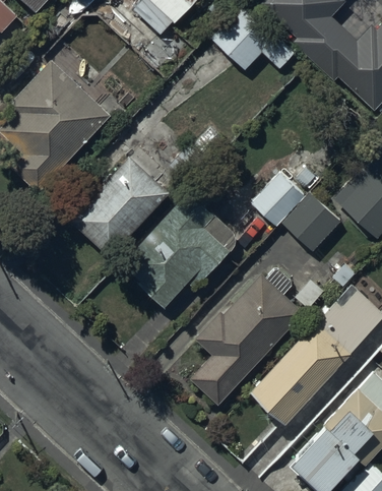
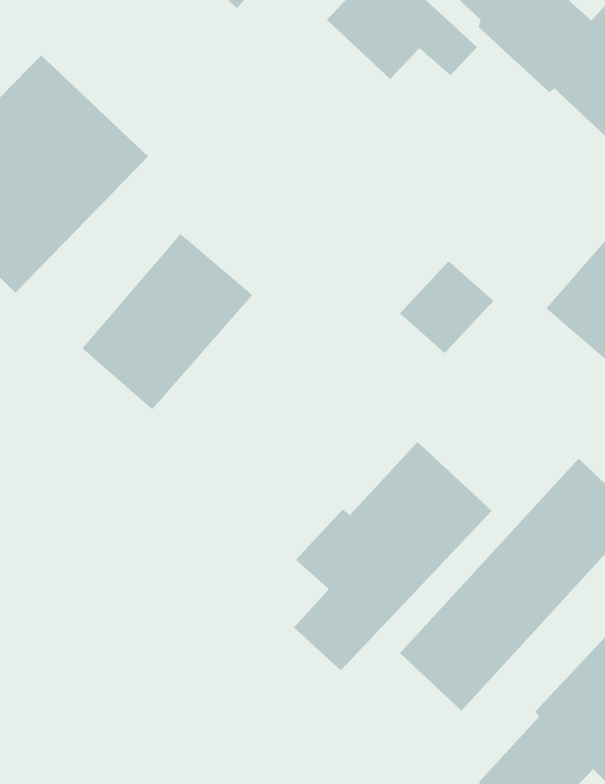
building: [121,191,229,308] -> none
building: [282,193,341,252] -> none

